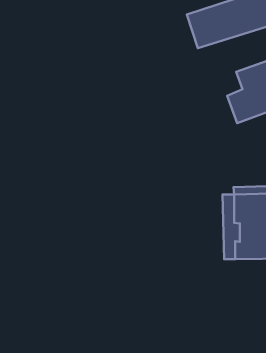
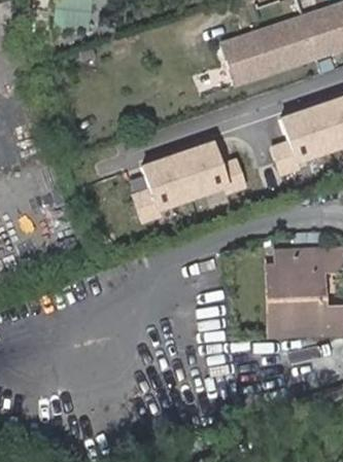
building: none -> [131,136,246,220]

